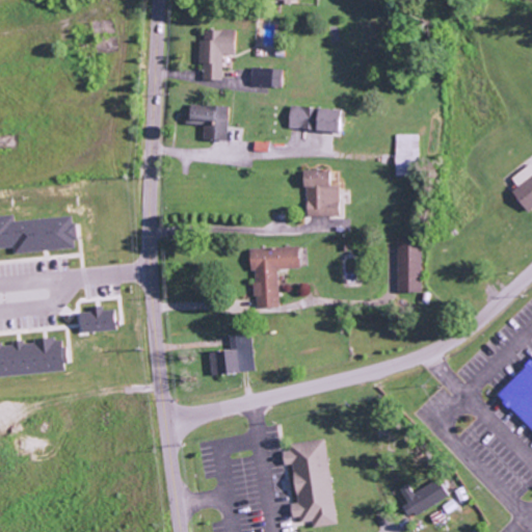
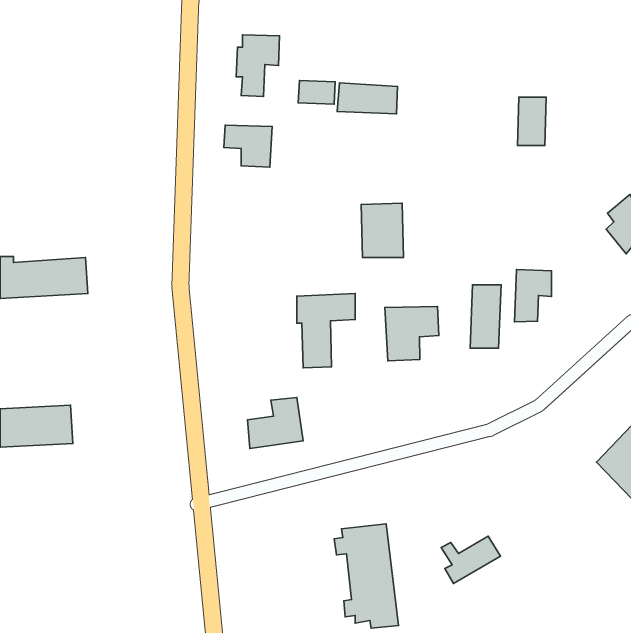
building: [289,106,340,132] -> [337,83,398,114]
building: [395,135,419,176] -> [518,97,546,146]
building: none -> [515,269,551,322]
building: none -> [385,306,439,361]
building: [78,307,114,331] -> none
building: [398,479,448,518] -> [441,536,500,583]

